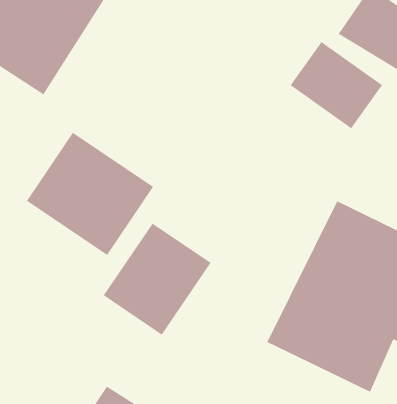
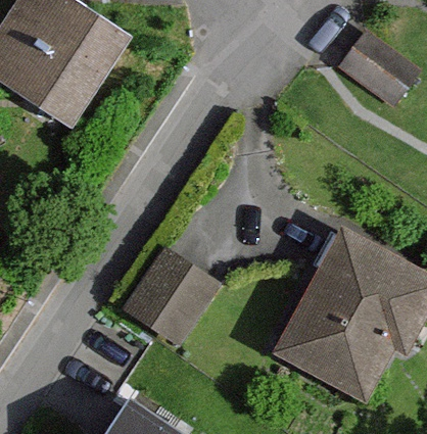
building: [290,41,383,129] -> none
building: [26,132,154,256] -> none

